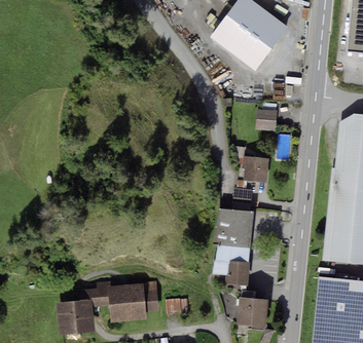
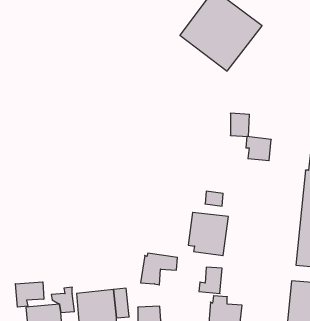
building: [242,155,266,179] -> [246,136,271,161]
building: [214,245,250,276] -> [141,253,177,285]
building: none -> [15,282,44,307]

